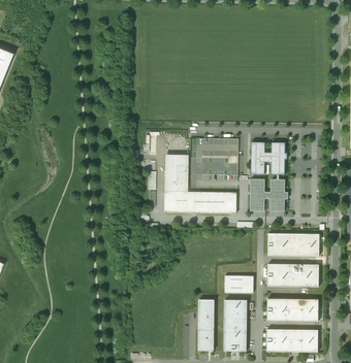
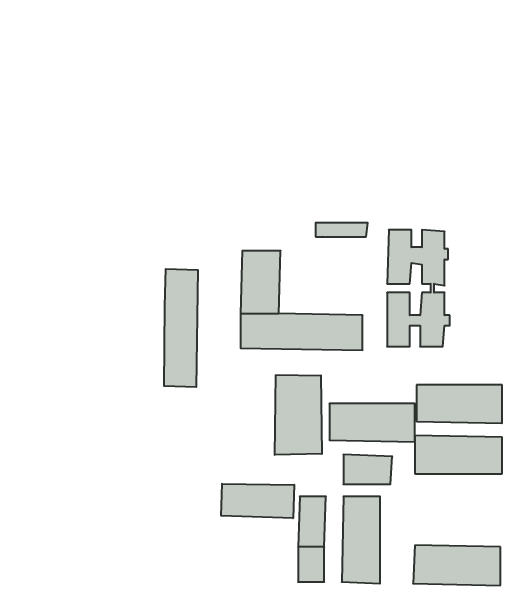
building: none -> [164,269,198,387]
building: none -> [275,375,322,455]
building: none -> [221,484,294,518]
building: [267,299,318,322] -> [329,404,415,442]

